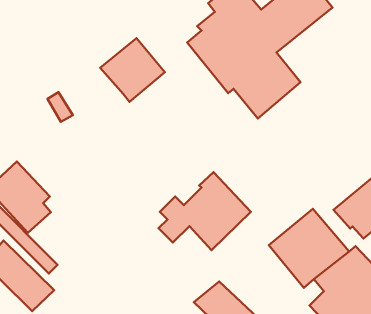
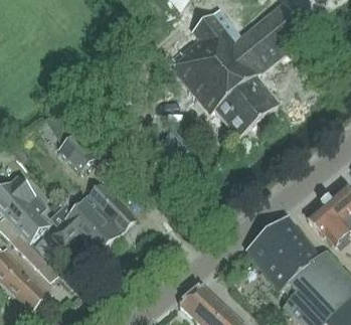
building: [100,38,165,102] -> none
building: none -> [58,135,93,170]
building: [159,172,251,250] -> [50,181,135,253]

